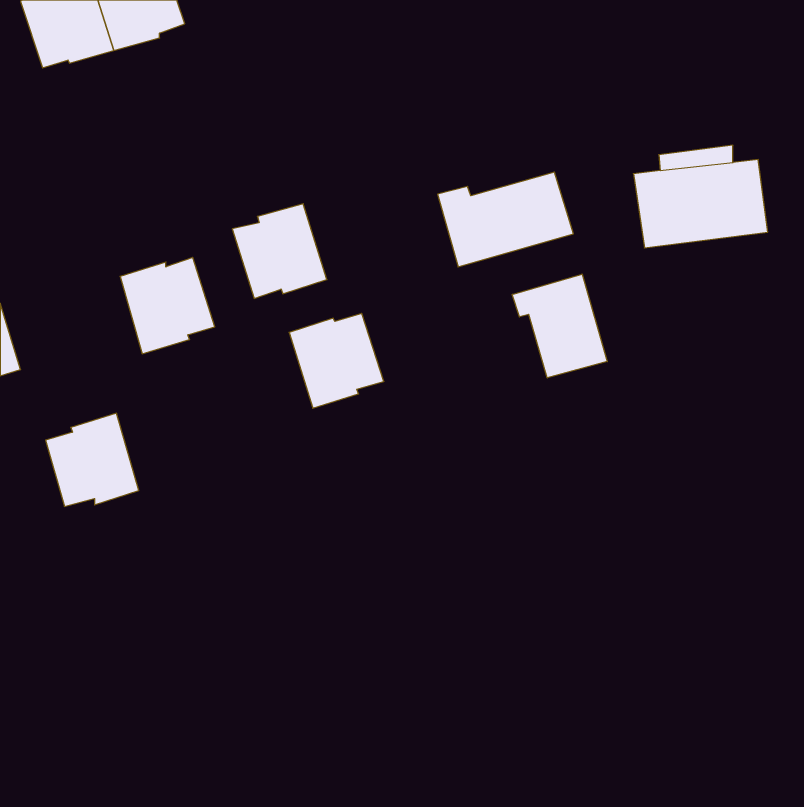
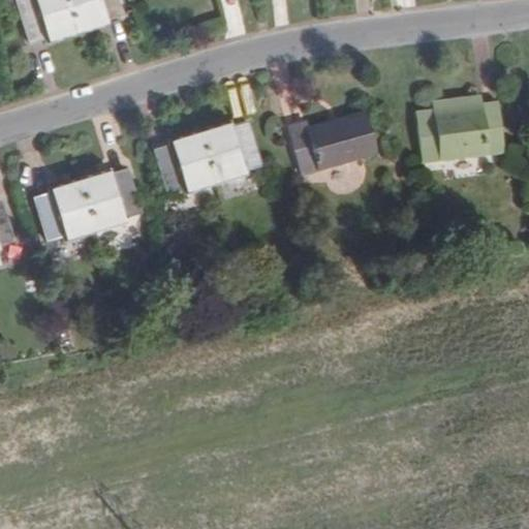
building: [512,274,607,378] -> none
building: [289,313,384,408] -> [200,121,262,183]
building: [46,413,139,506] -> [34,181,95,242]

